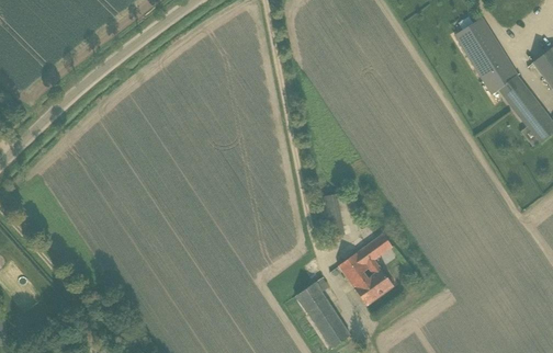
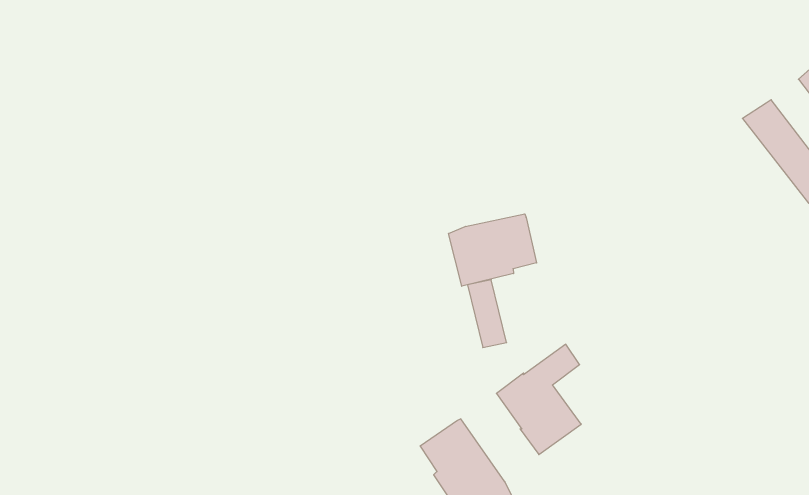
building: [455,18,514,93] -> none
building: none -> [449,214,537,286]

